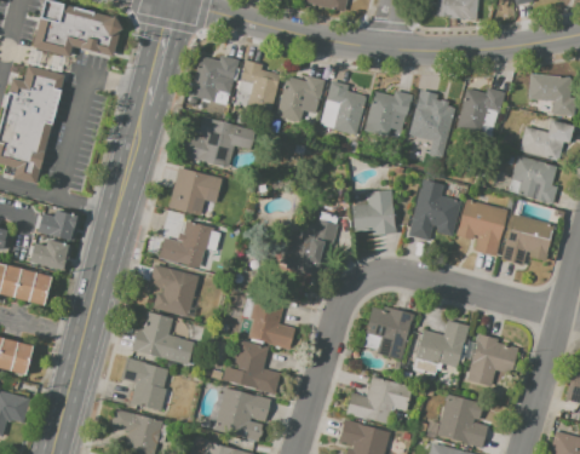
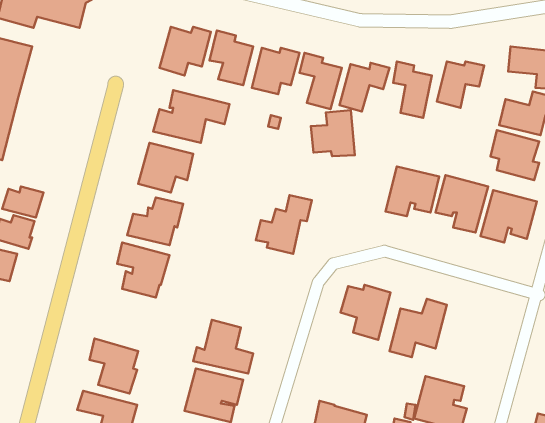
building: [352,190,395,235] -> [311,110,355,156]
building: [249,295,295,349] -> none
building: [134,312,194,366] -> none
building: [467,334,521,387] -> none
building: [346,377,412,424] -> none

